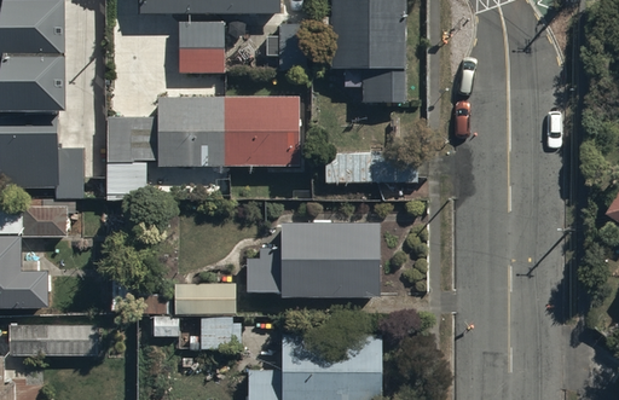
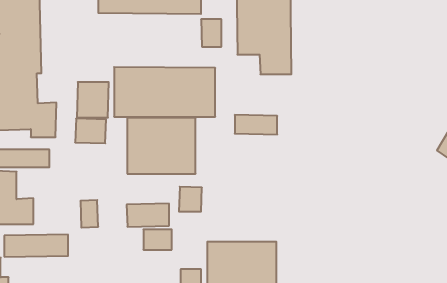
building: [177,28,224,76] -> none
building: [285,224,378,300] -> [127,118,196,174]

